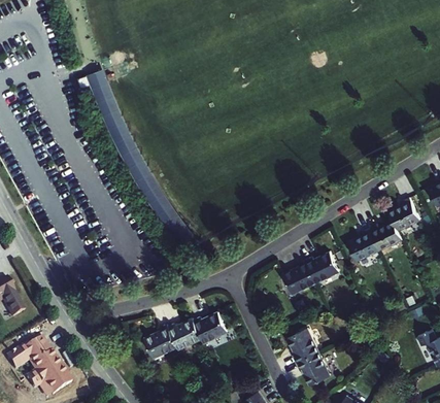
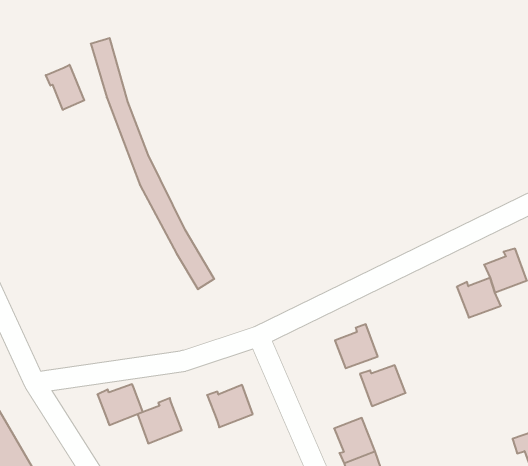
building: none -> [46,65,84,110]
building: [347,229,378,261] -> none
building: [304,253,338,283] -> [360,365,406,406]
building: [167,318,201,349] -> [97,384,143,425]

